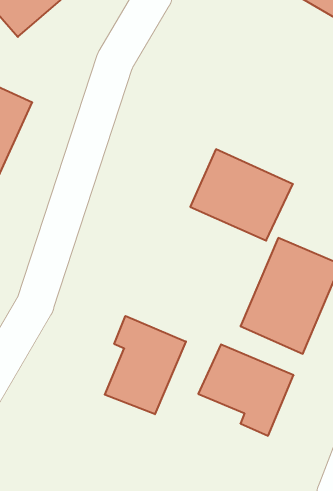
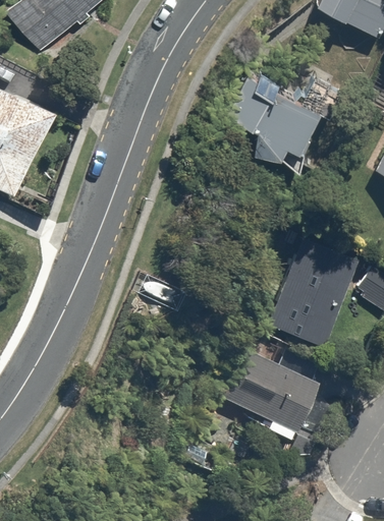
building: [190,149,293,241] -> [218,74,320,165]
building: [105,316,186,414] -> none

